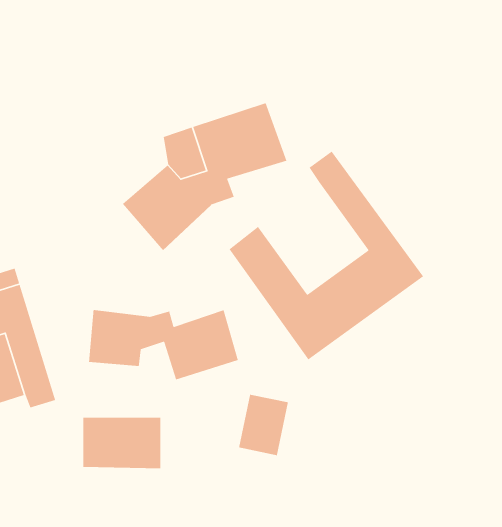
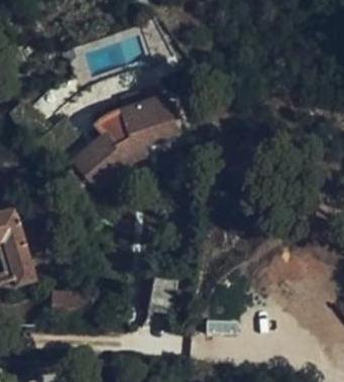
building: [228,150,424,360] -> none
building: [88,309,239,380] -> none

